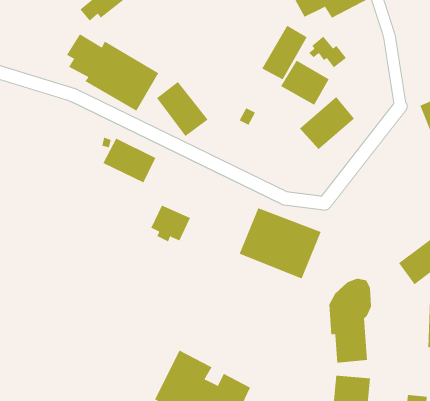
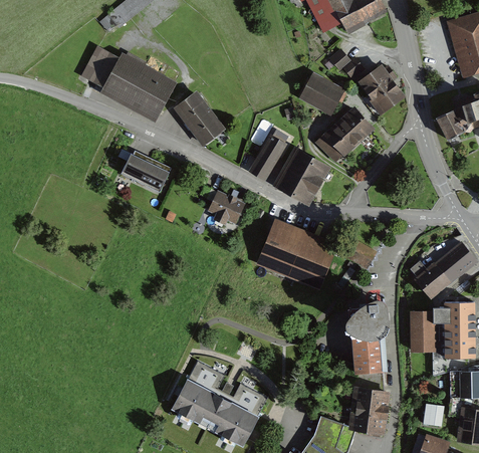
building: [261,25,307,80] -> none
building: none -> [358,65,406,117]
building: none -> [252,134,286,179]
building: none -> [274,147,328,203]
building: [150,205,191,242] -> [207,189,247,226]
building: none -> [410,309,436,352]

